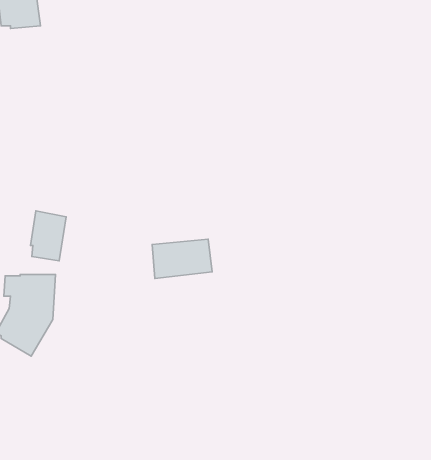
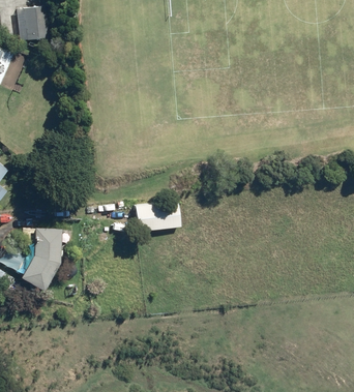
building: [31,211,66,261] -> none

